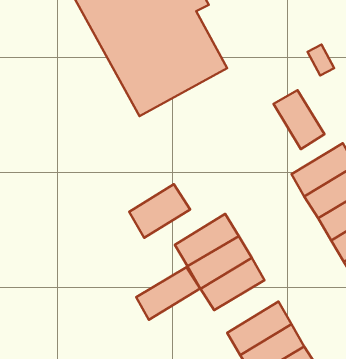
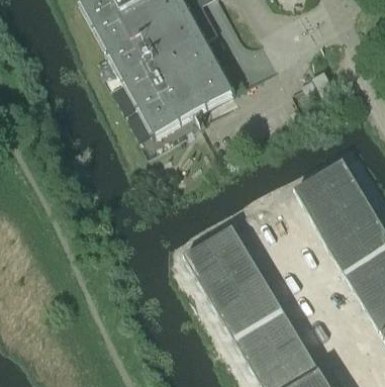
building: [274,90,325,149] -> none
building: [129,184,190,238] -> none
building: [136,267,200,320] -> [222,290,283,340]

